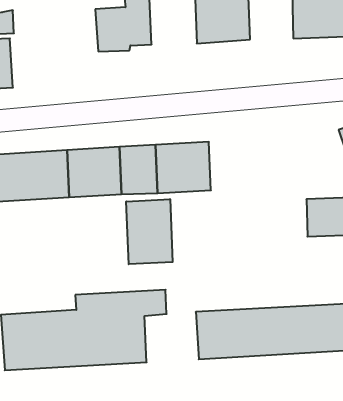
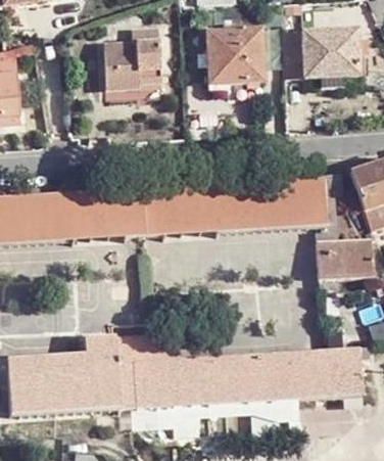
building: none -> [220,176,328,231]
building: [126,199,173,264] -> none
building: none -> [154,355,209,406]

